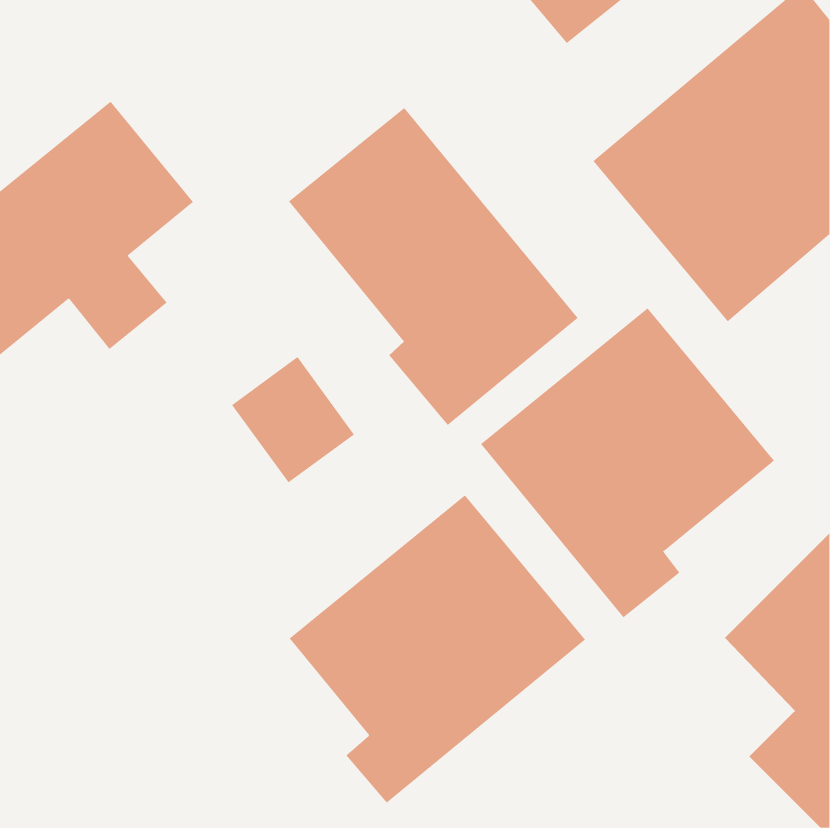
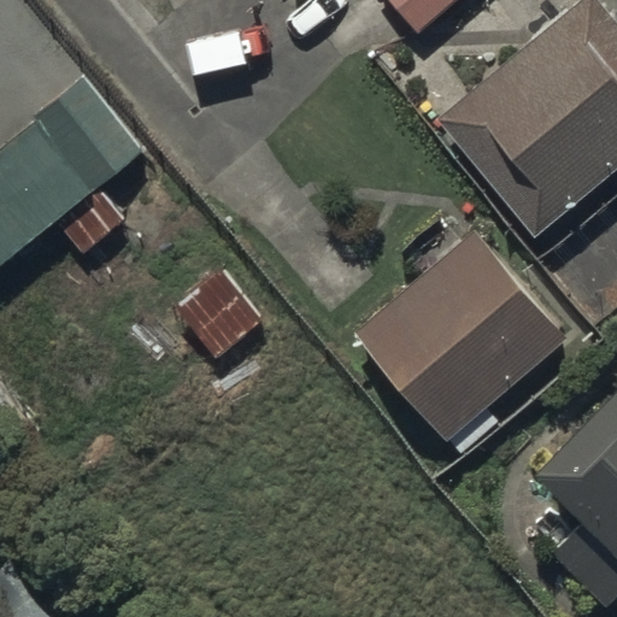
building: [288,107,579,426] -> none
building: [289,494,586,804] -> none

